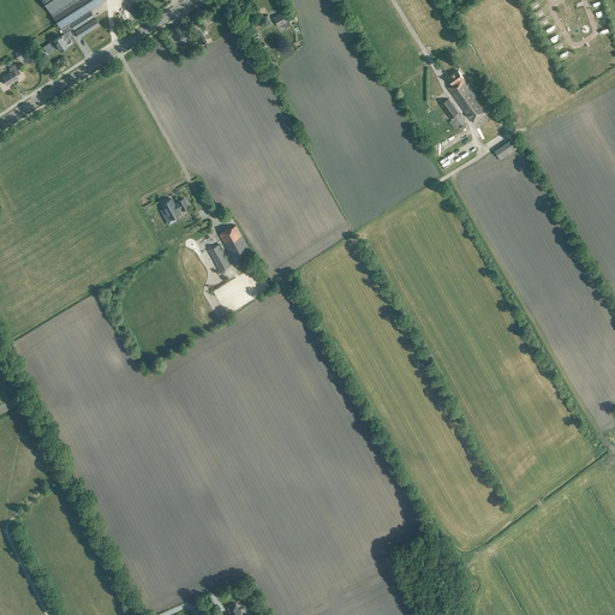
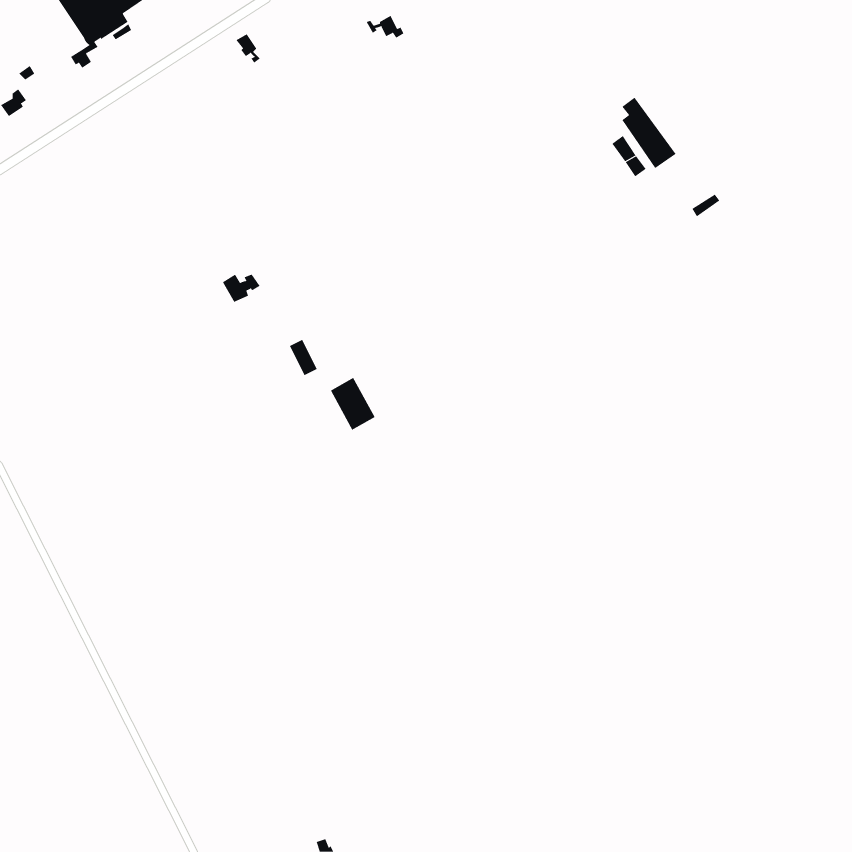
building: [217,223,250,262] -> [330,377,375,431]

